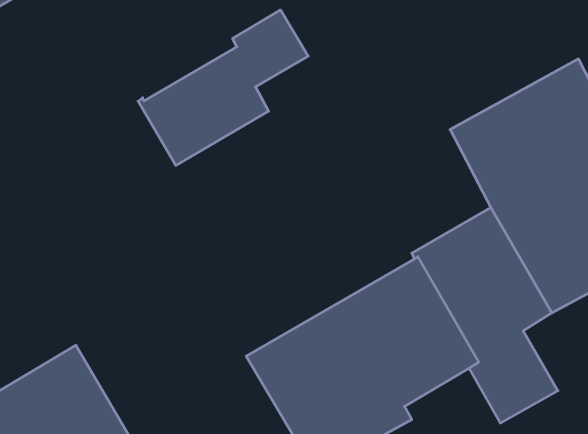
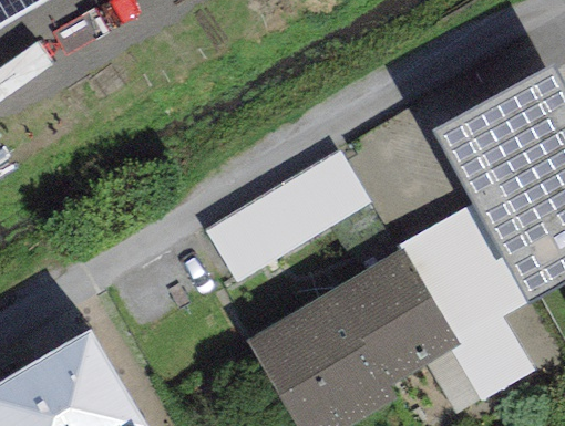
building: [138,10,308,165] -> none
building: none -> [204,149,371,284]

